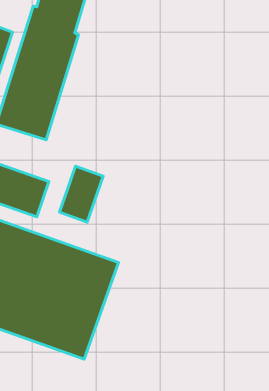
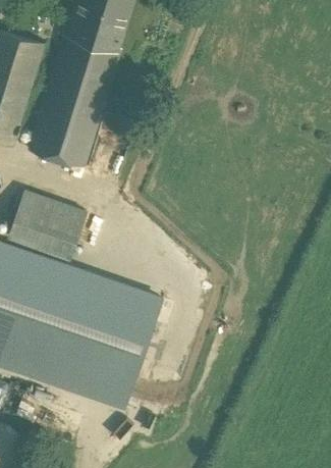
building: [59,166,103,222] -> none

